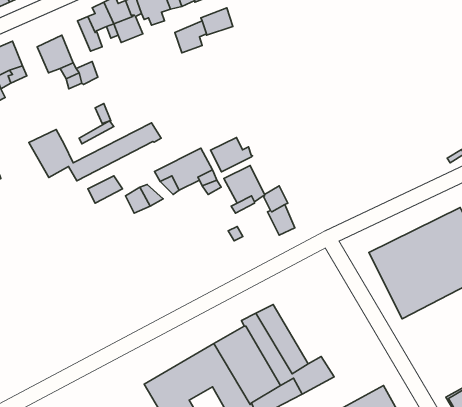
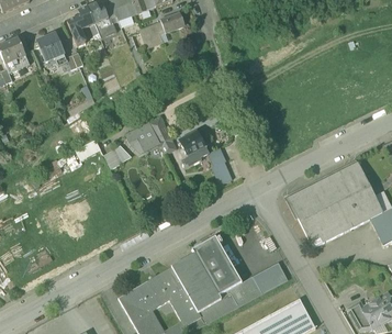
building: [29,123,161,181] -> none
building: [210,138,252,172] -> none
building: none -> [251,261,287,291]

